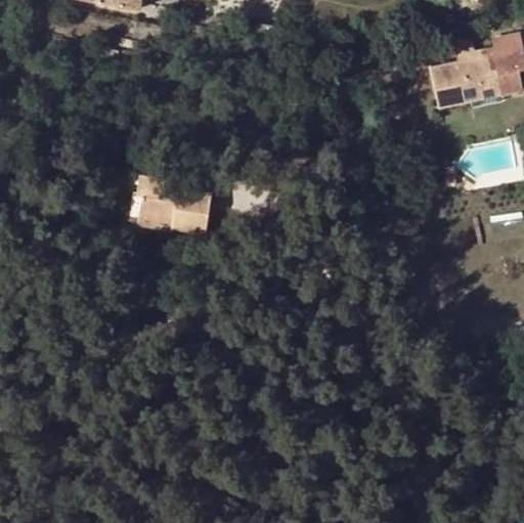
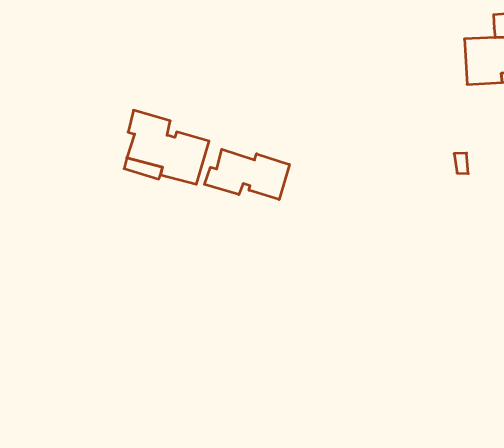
building: none -> [204,149,289,200]

